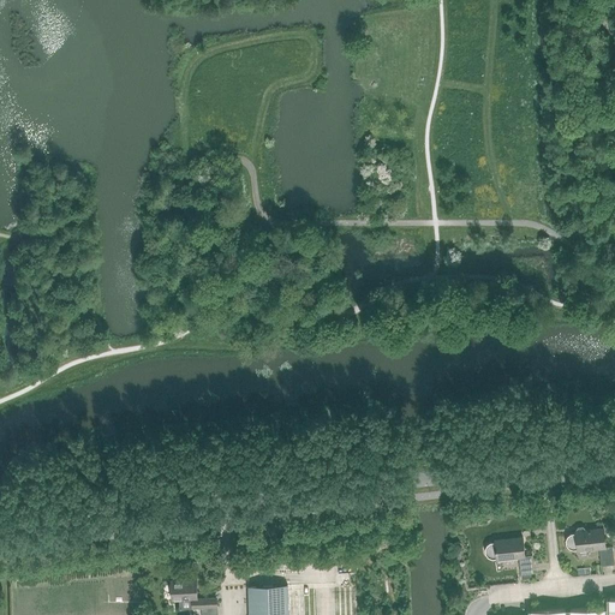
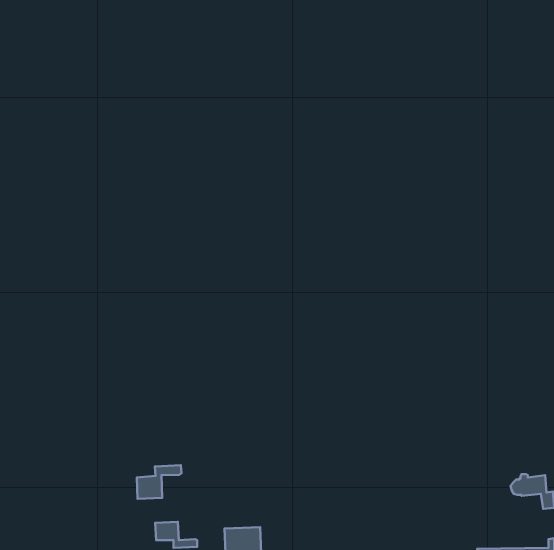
building: none -> [137,465,181,499]
building: [485,541,535,579] -> none

